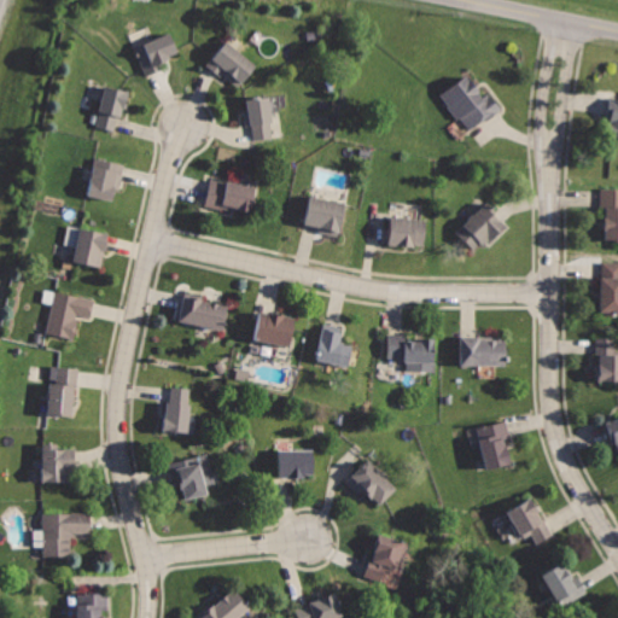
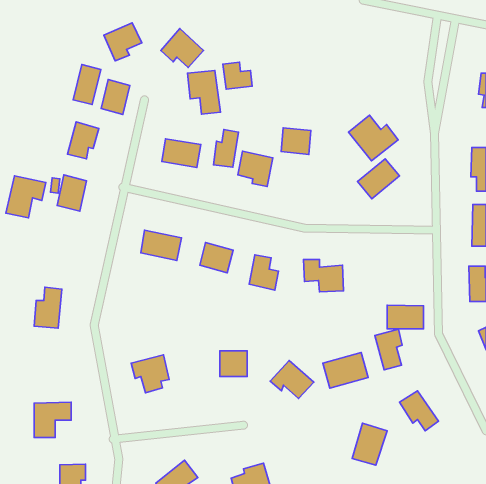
building: [439,76,502,134] -> [349,115,398,161]
building: none -> [223,62,252,89]
building: none -> [101,80,130,114]
building: none -> [214,129,238,167]
building: [386,215,424,249] -> [281,128,311,154]
building: [45,290,95,343] -> [6,176,46,218]
building: [460,336,506,366] -> [387,305,423,329]
building: [163,386,192,436] -> none
building: [41,443,74,485] -> none
building: none -> [323,352,368,388]
building: [363,534,408,587] -> [352,423,387,465]
building: [540,562,593,611] -> none

